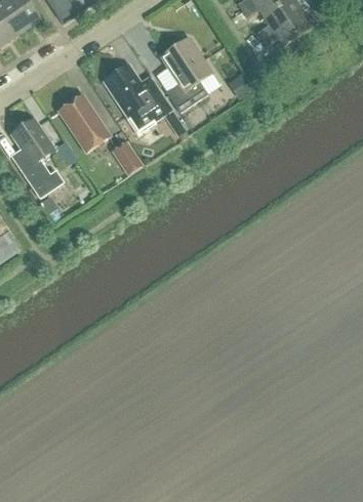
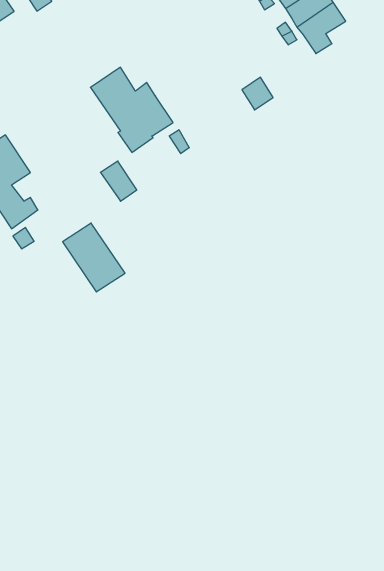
building: [161,38,212,112] -> none
building: [58,95,110,152] -> [63,223,125,292]

